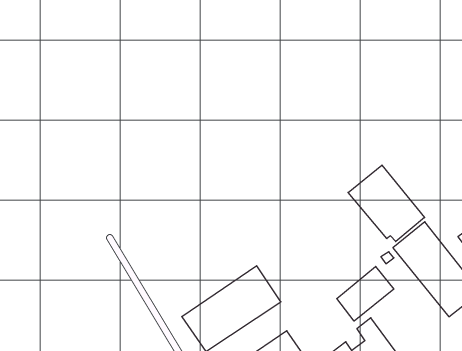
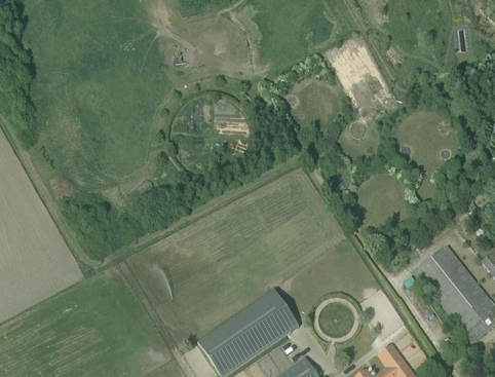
building: [348,165,425,242] -> none
building: [337,266,394,321] -> none

